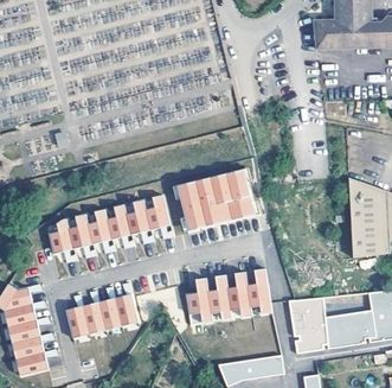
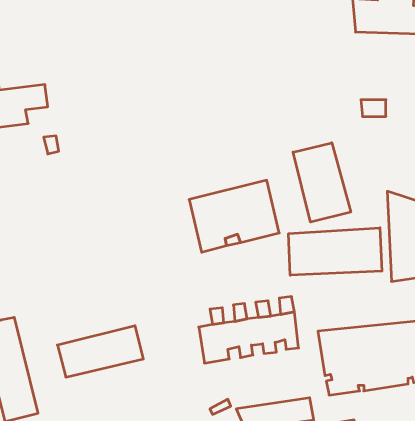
building: none -> [293,143,351,222]
building: [49,195,169,254] -> none
building: none -> [289,228,382,275]

